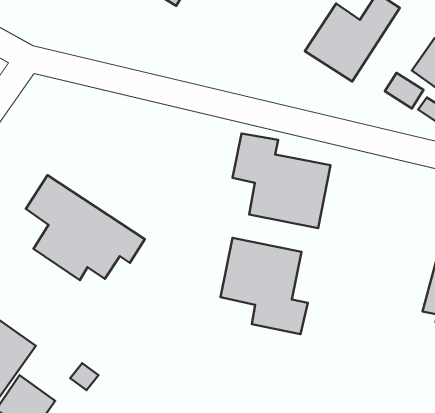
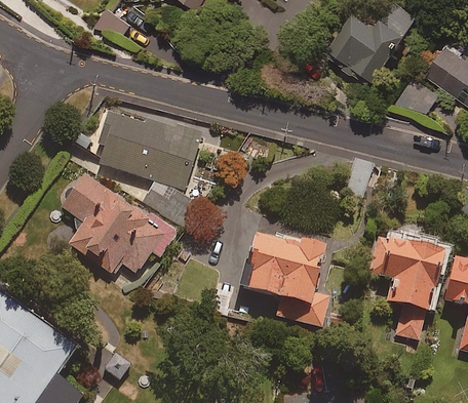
building: none -> [99,113,202,226]
building: [233,134,330,228] -> none
building: none -> [366,235,443,339]

